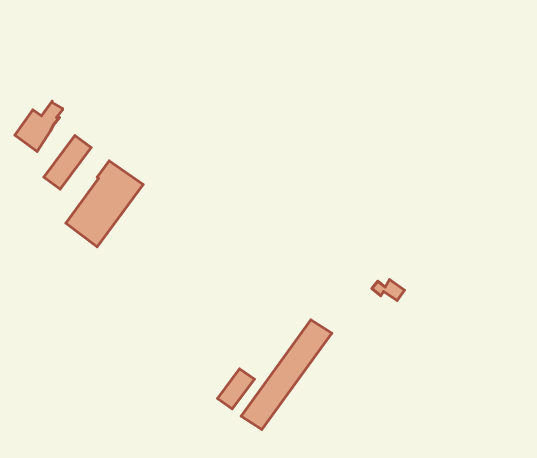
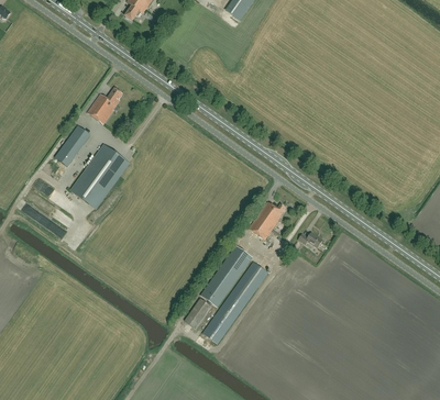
building: [15,101,62,152] -> [87,87,122,124]
building: none -> [249,201,286,240]
building: none -> [200,245,252,305]

